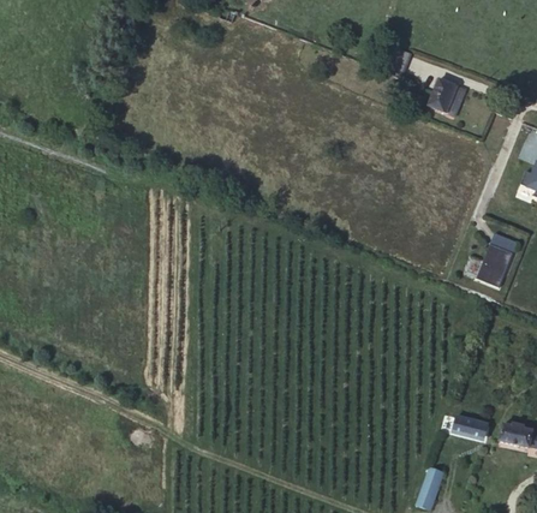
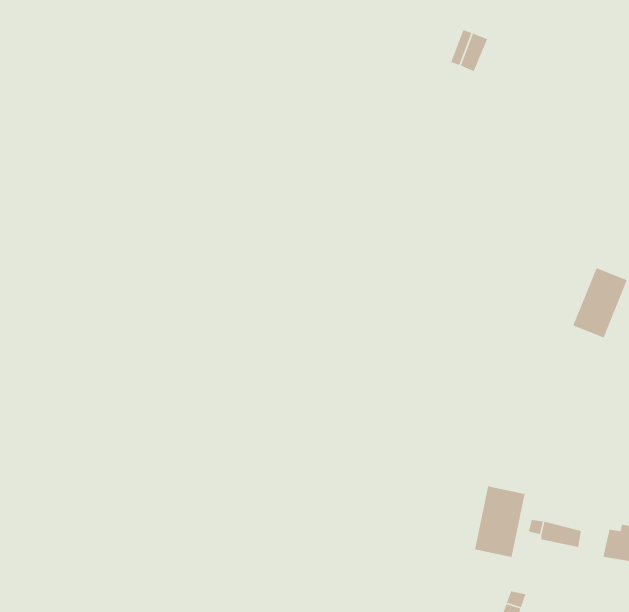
building: [425,78,457,112] -> none
building: none -> [474,485,525,558]

